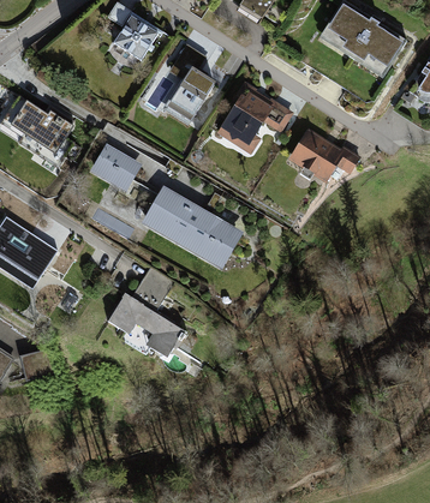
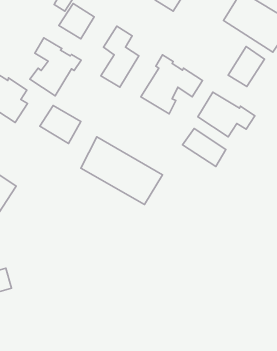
building: none -> [30,38,81,96]
building: none -> [228,47,265,86]
building: none -> [183,129,226,166]
building: [106,267,184,358] -> none

